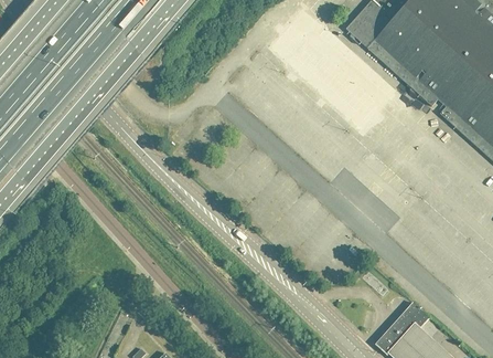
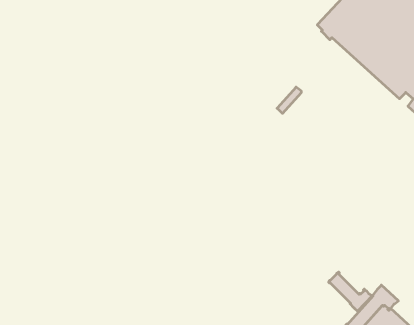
building: none -> [329,272,372,311]

